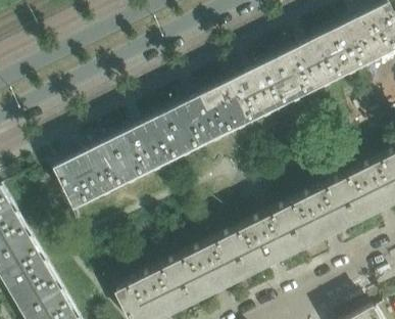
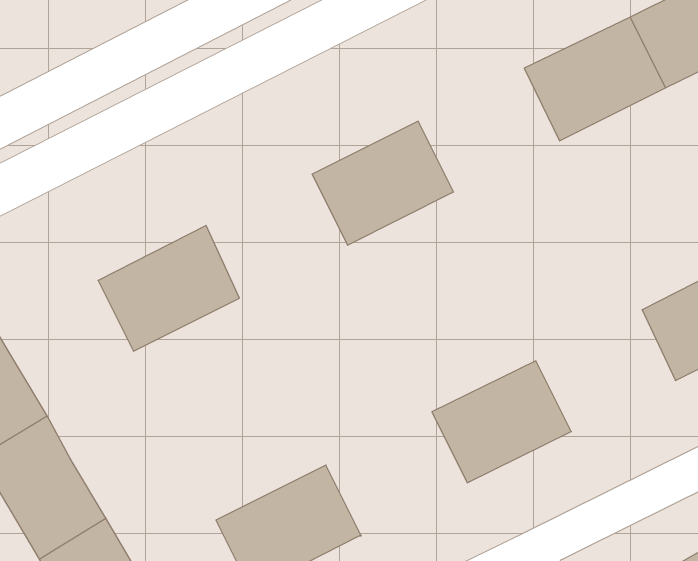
building: [221,57,295,122] -> none
building: [111,112,185,177] -> none
building: [283,183,355,246] -> none
building: [174,236,247,301] -> none

